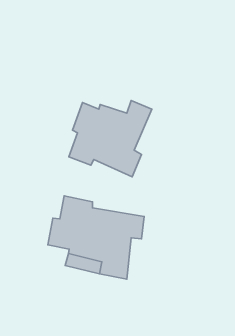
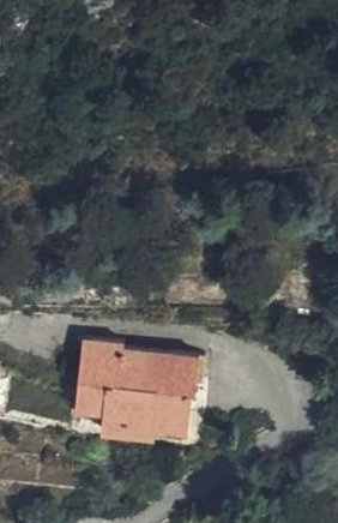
building: [69,100,152,177] -> none

